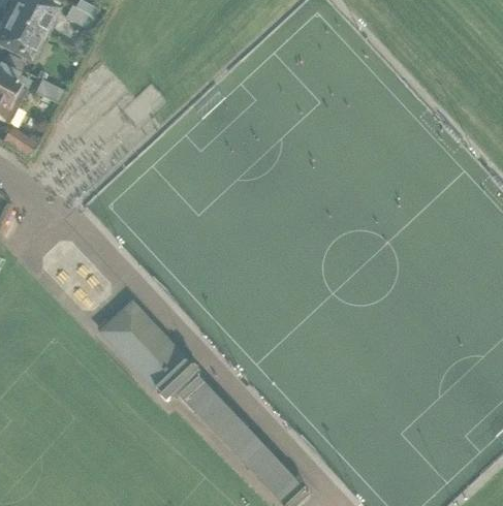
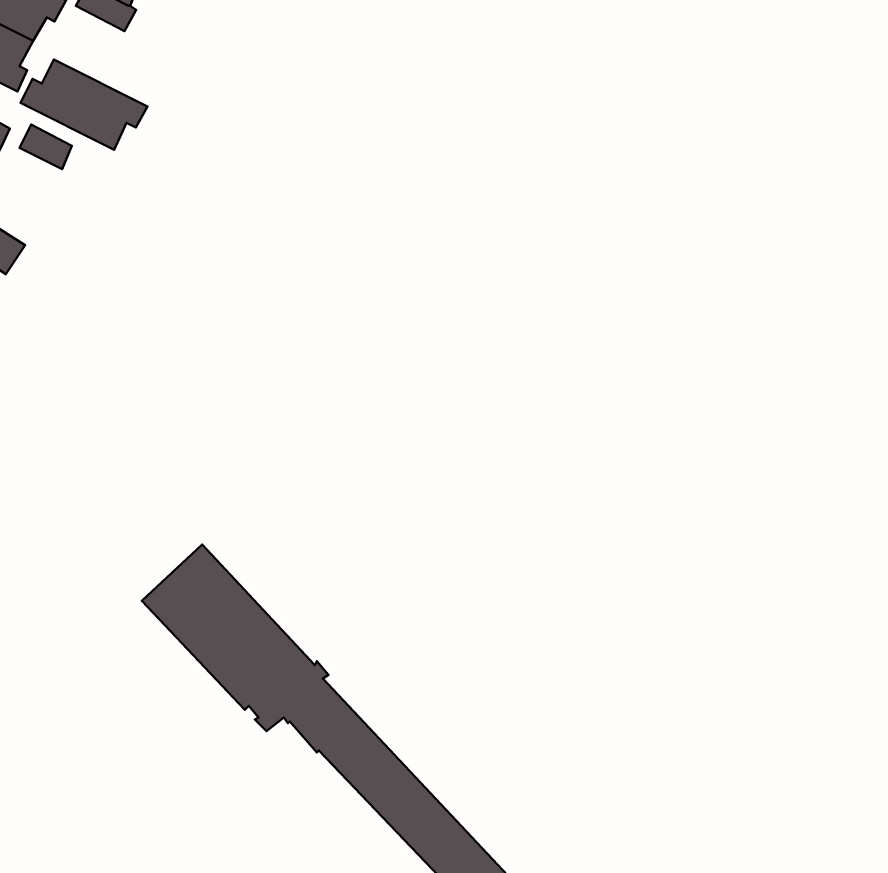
building: none -> [21,60,148,150]

